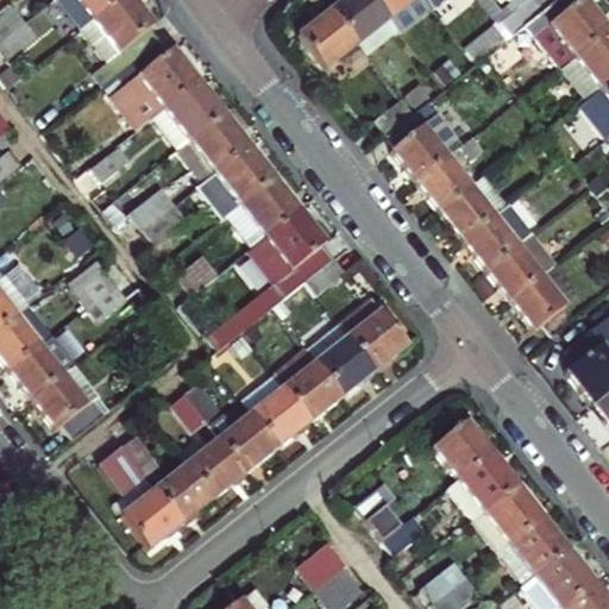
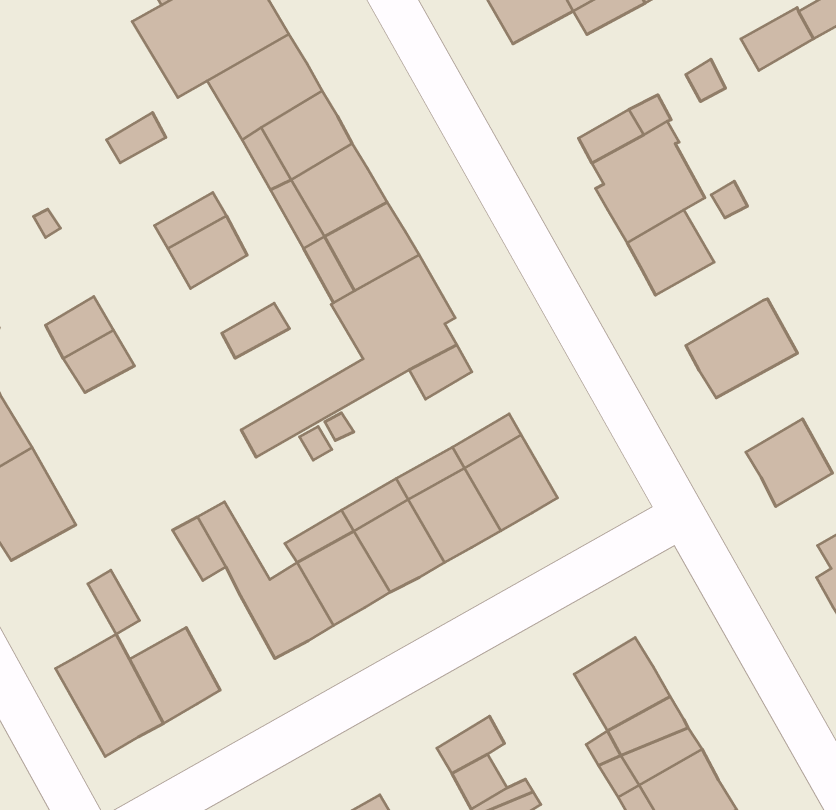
building: [446,172,514,237] -> none
building: [494,231,564,297] -> none
building: [186,435,244,496] -> none
building: [96,442,143,490] -> none

